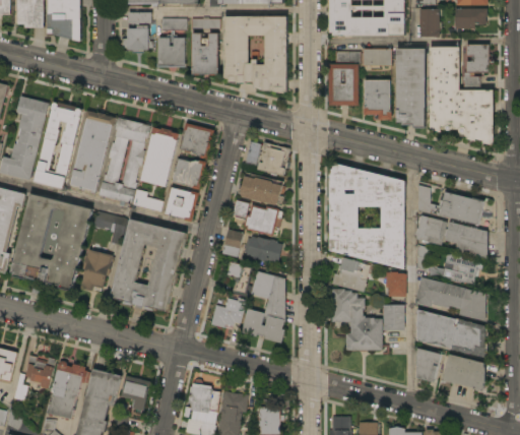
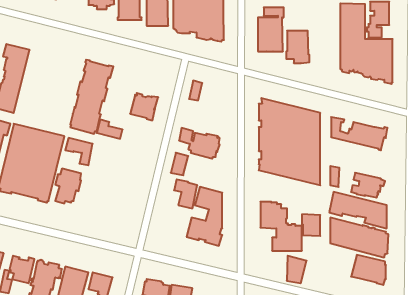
building: [363,49,391,66] -> none
building: [396,49,425,128] -> none
building: [34,103,81,188] -> none
building: [70,111,115,191] -> none
building: [180,123,214,160] -> none
building: [139,127,178,187] -> none
building: [257,142,288,176] -> none
building: [237,173,284,205] -> none
building: [165,187,198,223] -> none
building: [414,213,488,260] -> none
building: [111,220,185,312] -> none
building: [243,237,282,263] -> none
building: [331,258,369,293] -> none
building: [385,272,406,297] -> none
building: [210,298,246,328] -> none
building: [416,349,441,382] -> [287,256,307,283]

